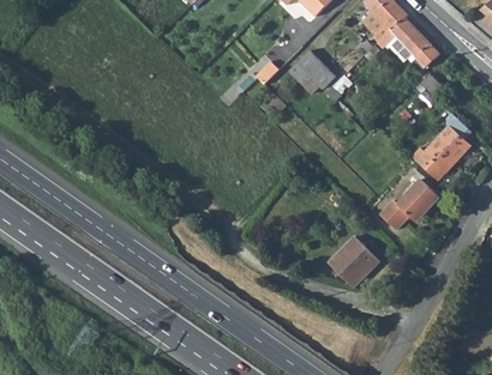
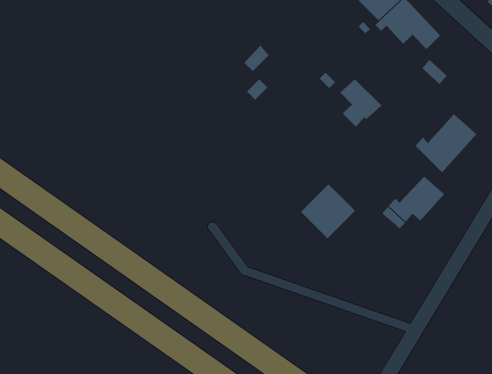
building: [296,50,336,96] -> [339,78,382,128]
building: [328,235,379,286] -> [300,183,356,239]

